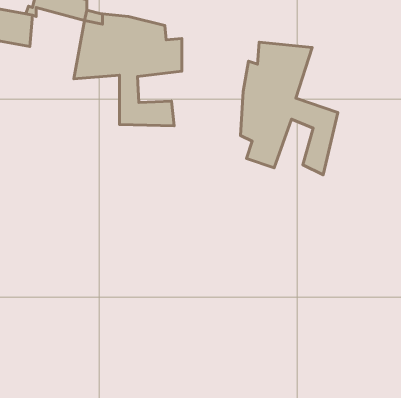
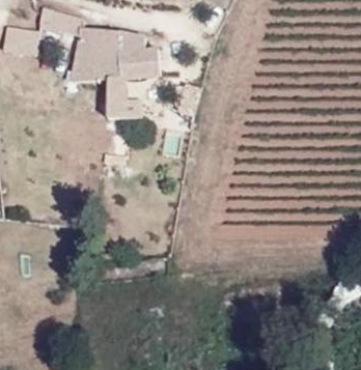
building: [240,42,338,175] -> none

